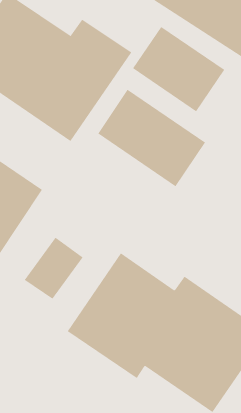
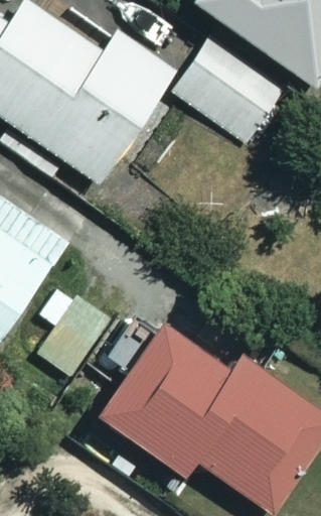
building: [97,89,206,187] -> none

